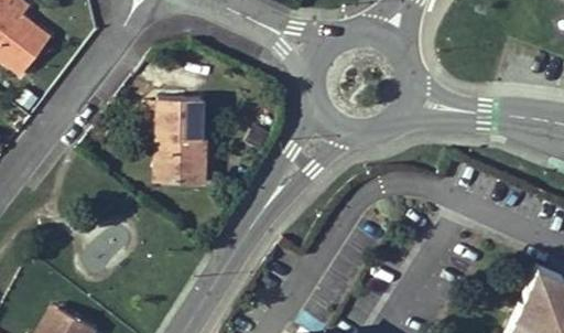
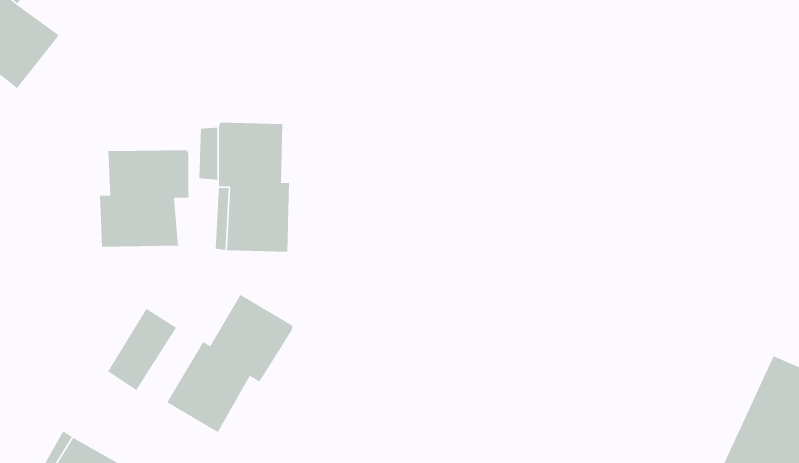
building: none -> [99,149,189,247]
building: none -> [166,294,294,433]

